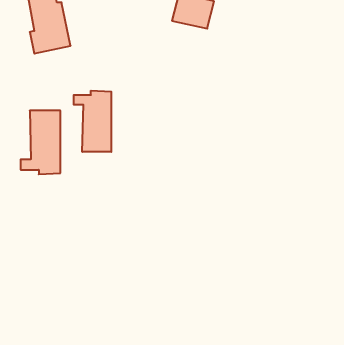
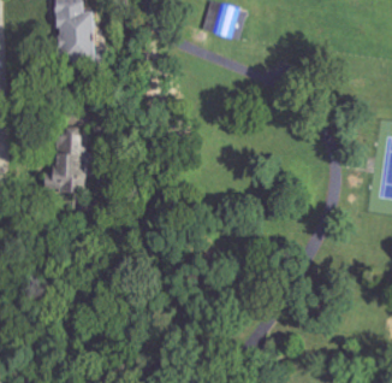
building: [74,91,111,152] -> none

